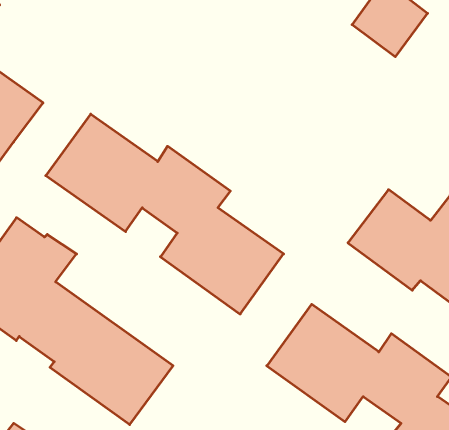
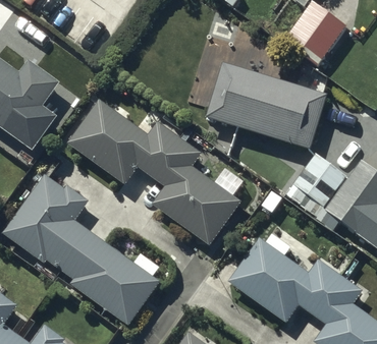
building: none -> [207,64,327,150]

